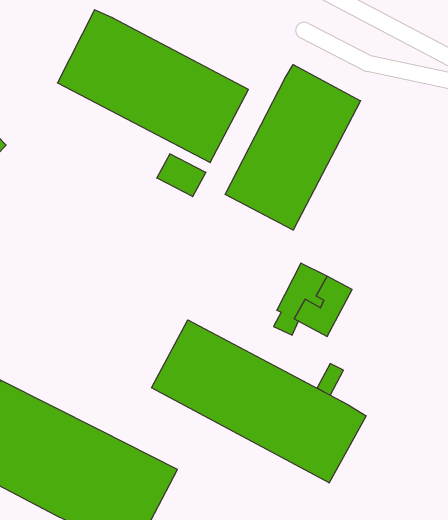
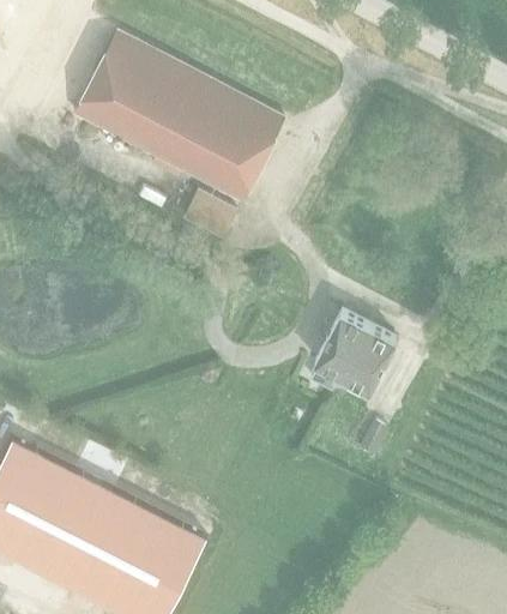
building: [225,65,361,230] -> none
building: [152,320,366,483] -> none

